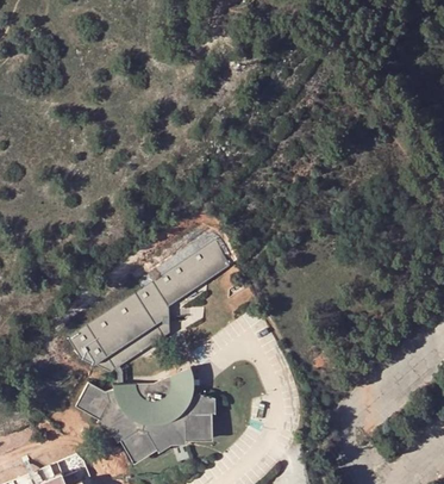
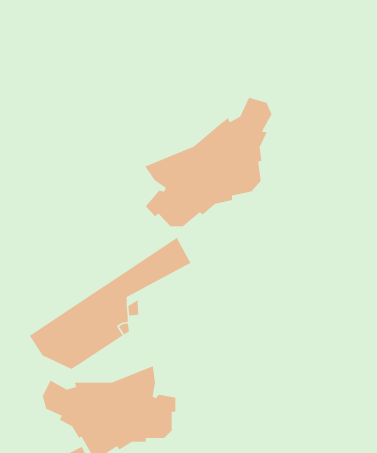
building: none -> [144,97,273,227]

